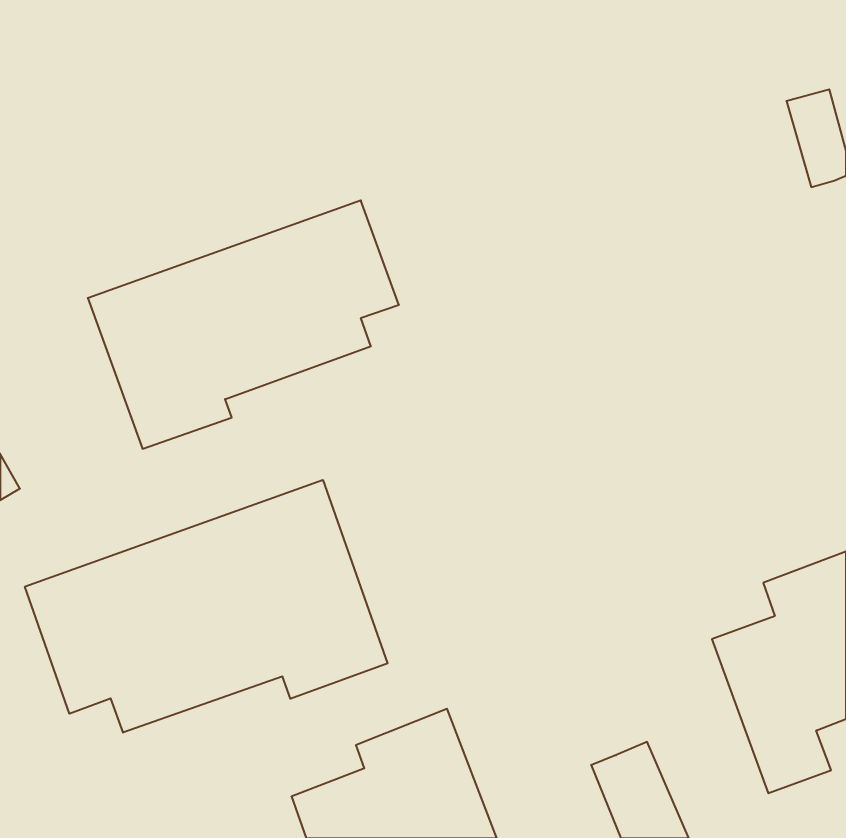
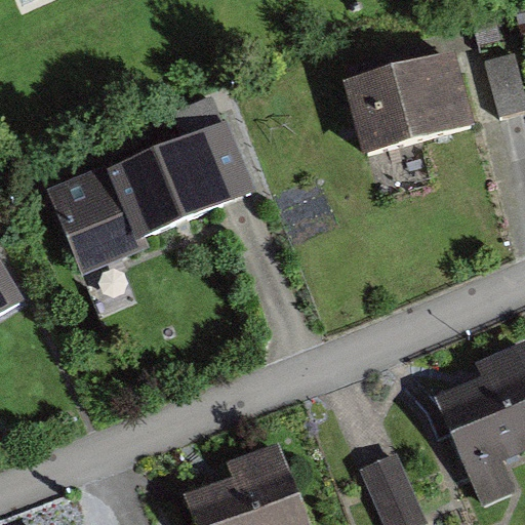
building: none -> [338,56,468,155]
building: [25,480,388,733] -> none

